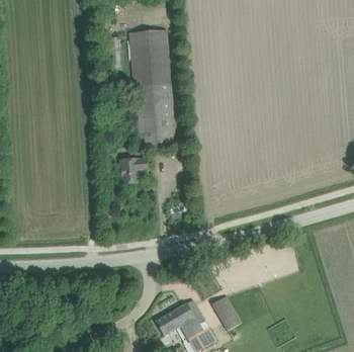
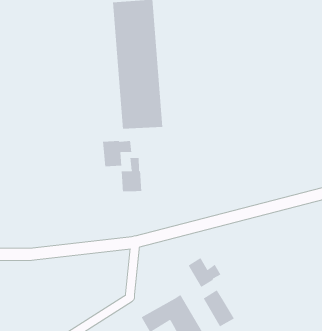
building: none -> [121,157,142,192]
building: none -> [188,257,221,288]

